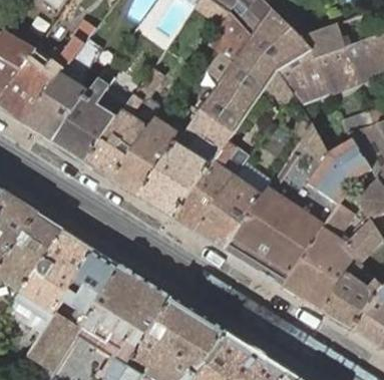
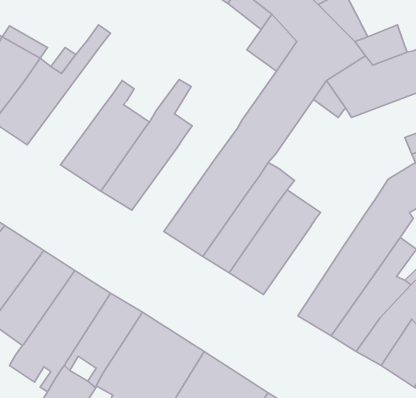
building: [25,40,106,142] -> none
building: [113,99,207,199] -> none
building: [225,124,330,270] -> none

